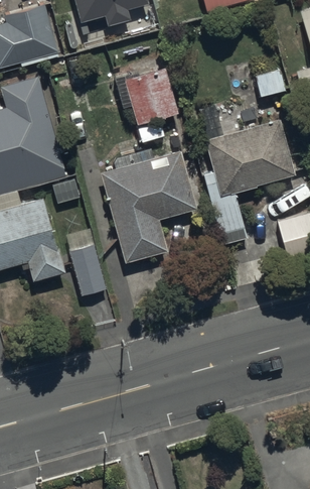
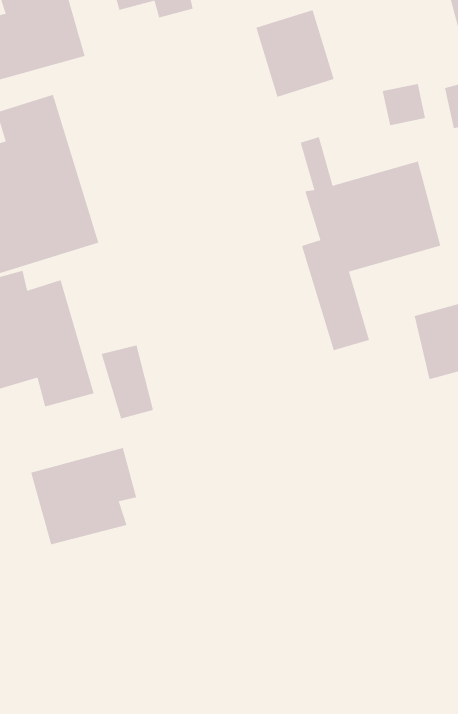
building: [125,70,177,128] -> [256,9,335,98]
building: [102,148,198,264] -> none
building: none -> [30,447,137,545]

